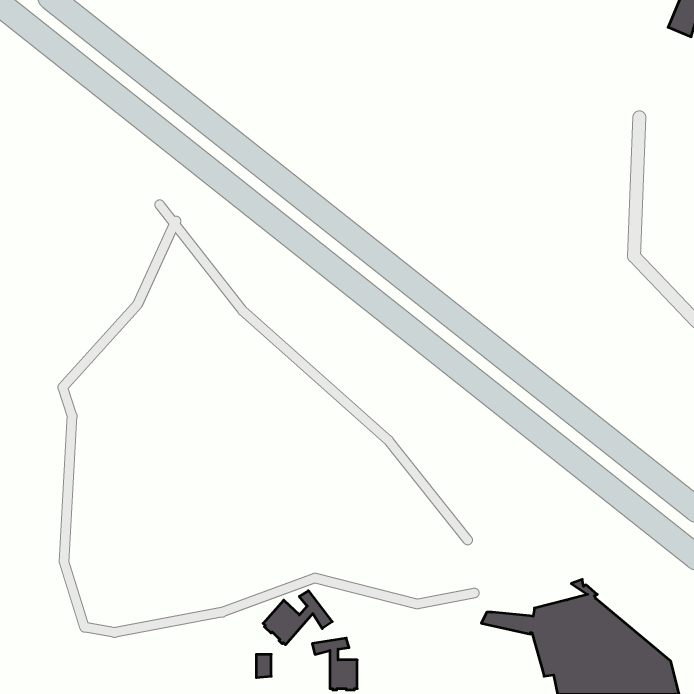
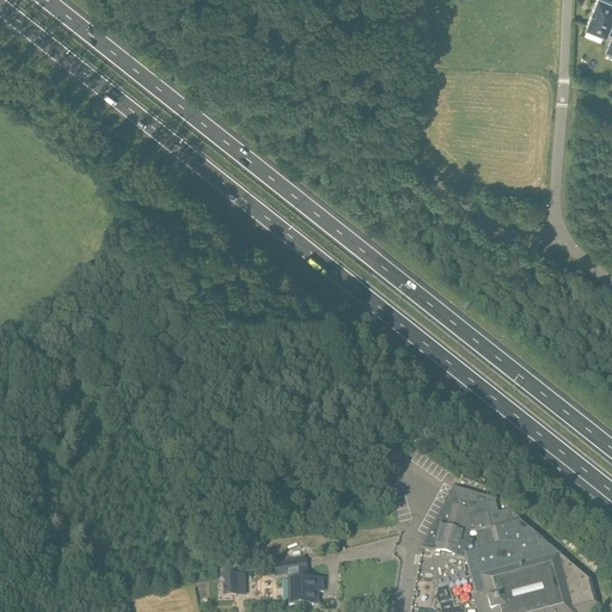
building: none -> [429,495,518,540]
building: [263,591,332,645] -> none

